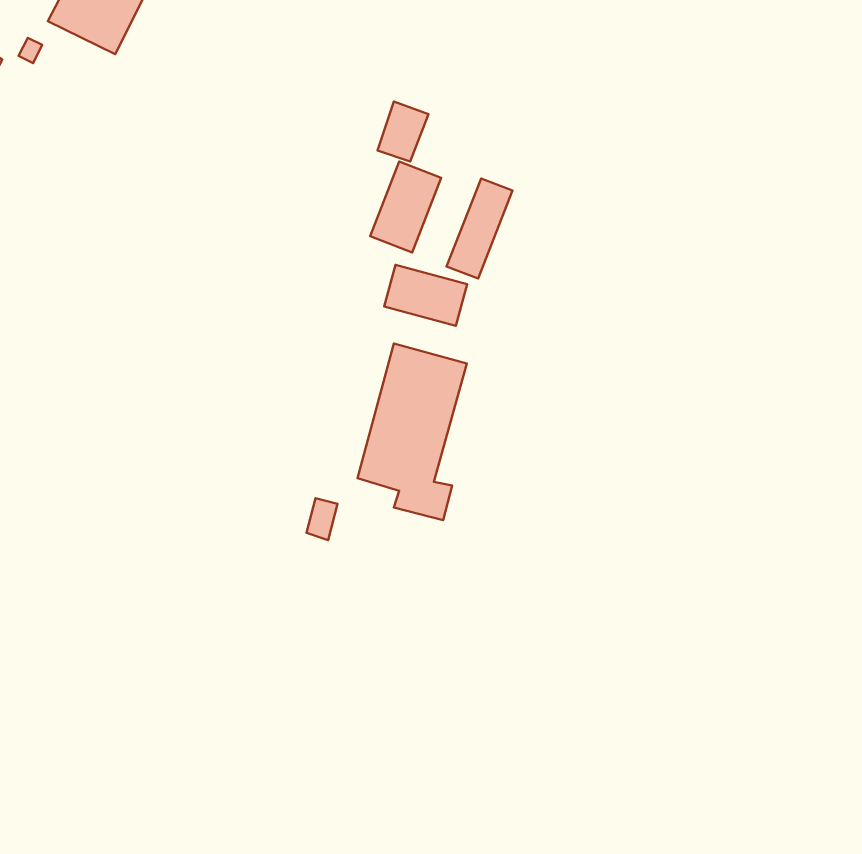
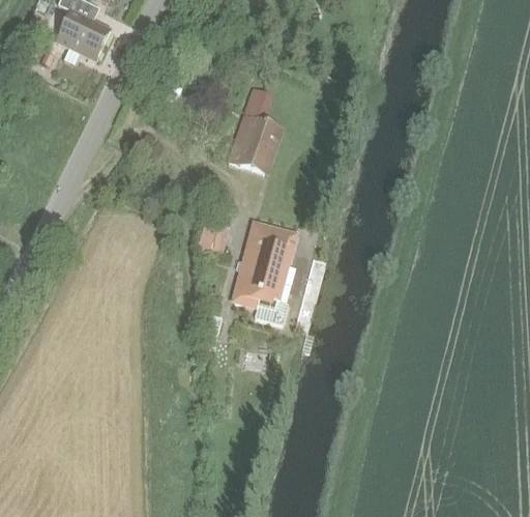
building: [447,178,513,279] -> none
building: [384,265,467,326] -> none

